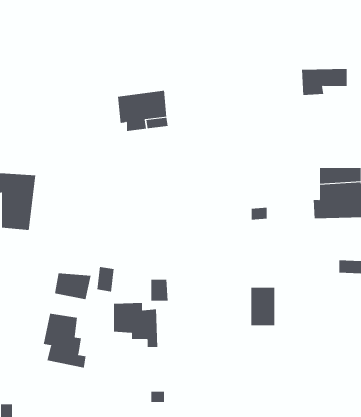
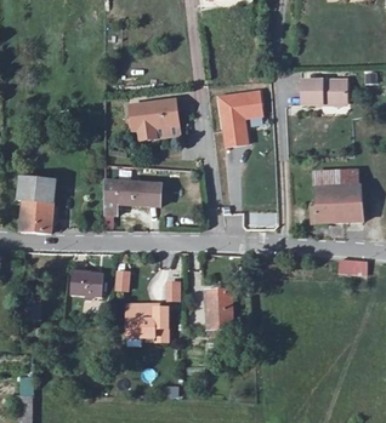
building: none -> [220,91,262,147]
building: none -> [108,184,166,216]
building: [251,287,275,326] -> [210,293,233,330]
building: [43,313,86,368] -> none

